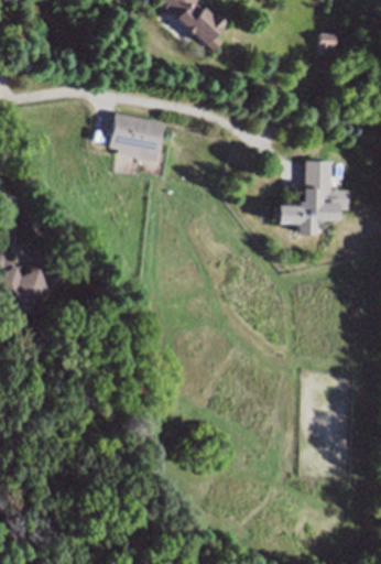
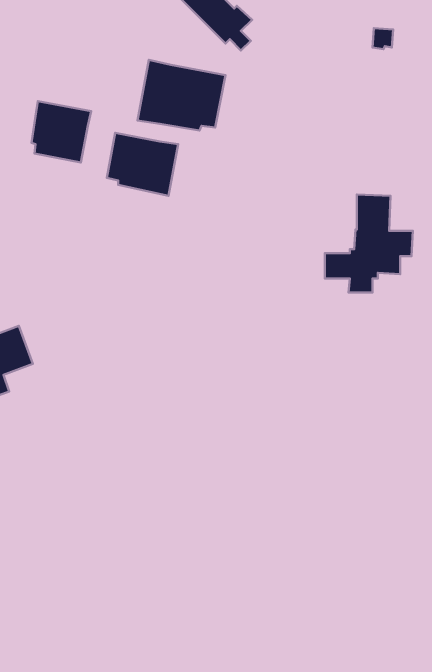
building: none -> [137,60,225,130]
building: none -> [32,101,91,162]

